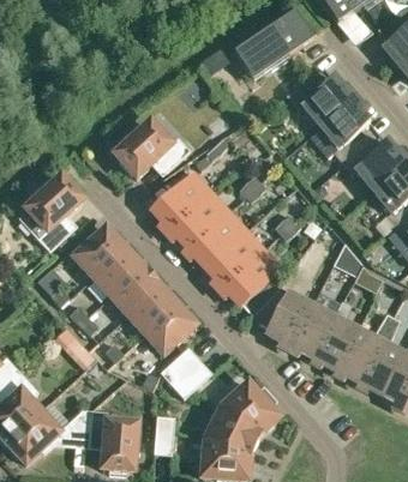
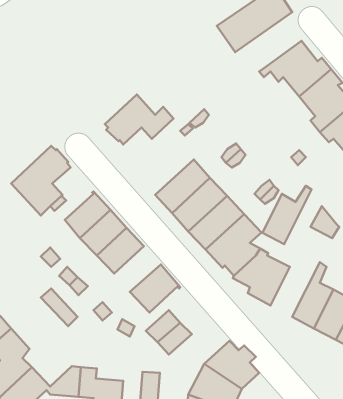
building: [151,171,210,229] -> none
building: [126,283,175,331] -> none
building: [290,296,342,357] -> [263,186,312,244]

